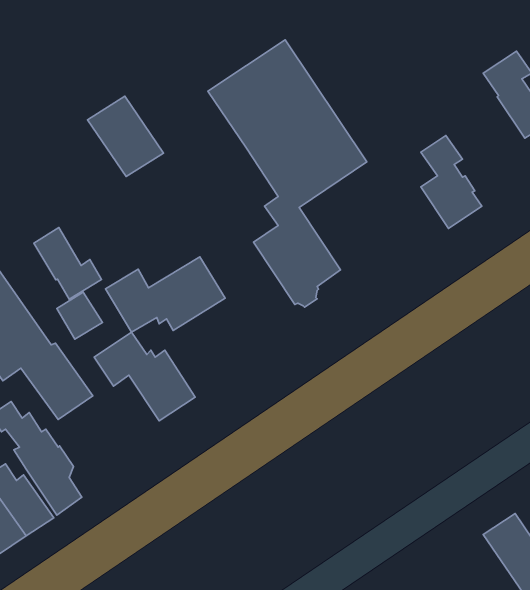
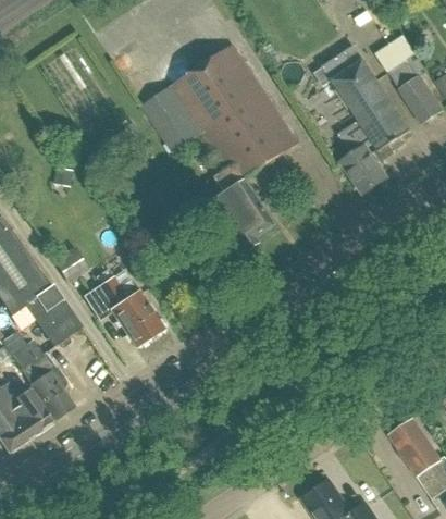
building: none -> [374,34,413,70]
building: none -> [323,46,410,151]
building: [87,96,164,177] -> [143,86,202,149]
building: [34,227,101,299] -> none
building: [106,257,225,332] -> none

